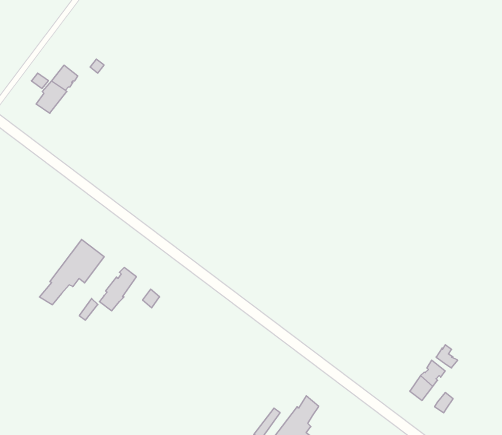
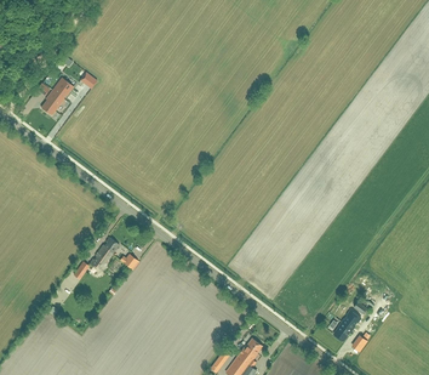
building: [39,239,104,305] -> none

